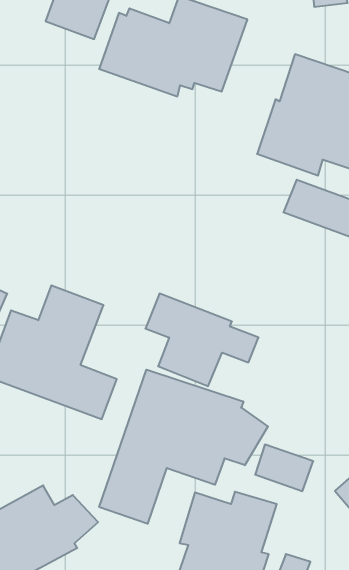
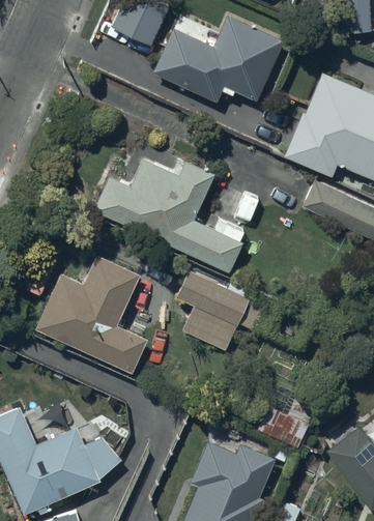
building: none -> [92,160,244,272]
building: [99,370,268,524] -> none

